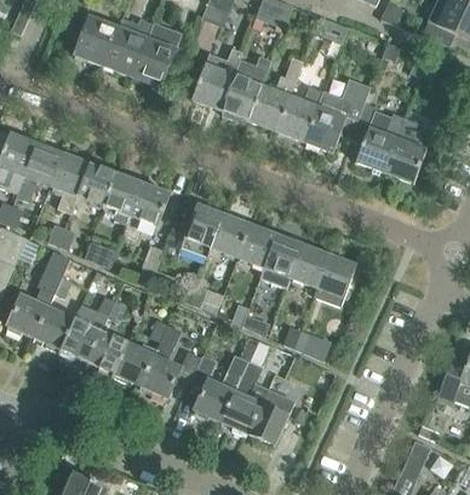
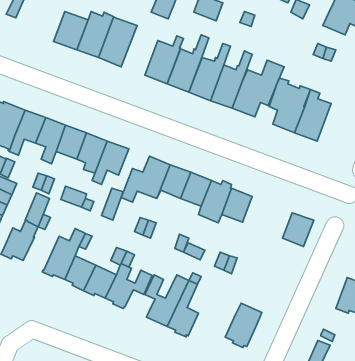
building: [317,254,357,298] -> [283,213,314,247]
building: [35,306,75,351] -> none
building: [247,390,294,447] -> [225,303,262,347]

